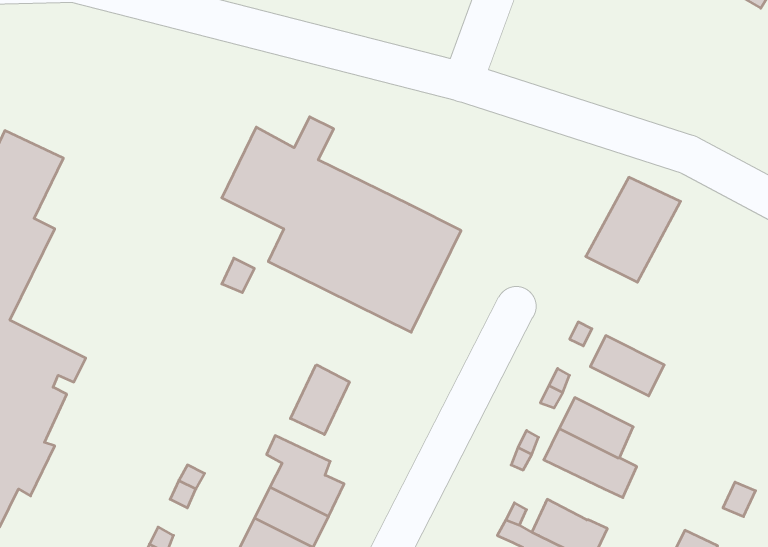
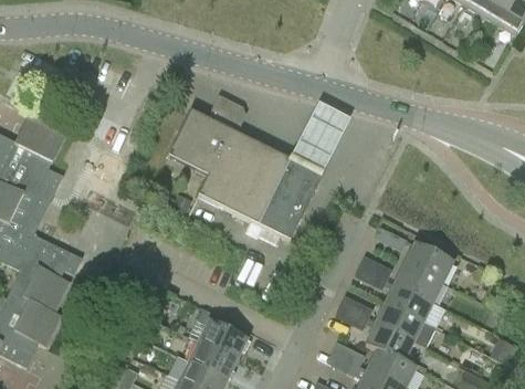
building: [586,177,681,282] -> [288,108,349,176]
building: [290,365,349,435] -> none
building: none -> [395,263,442,302]
building: none -> [364,323,413,361]

